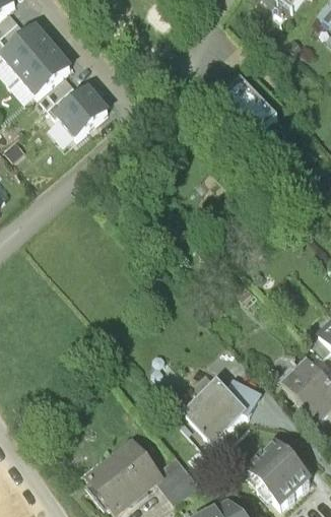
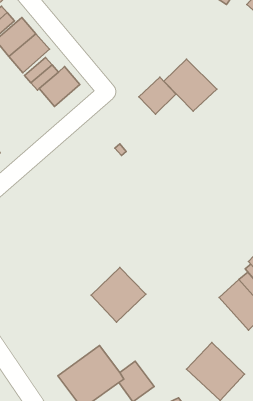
building: none -> [139,77,176,114]
building: [182,375,250,443] -> [91,267,146,322]

